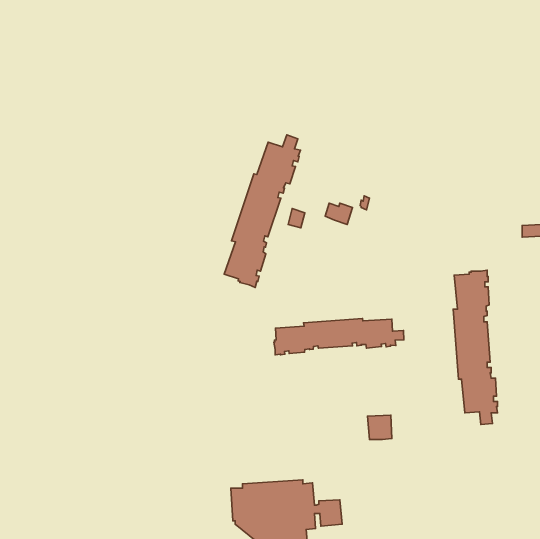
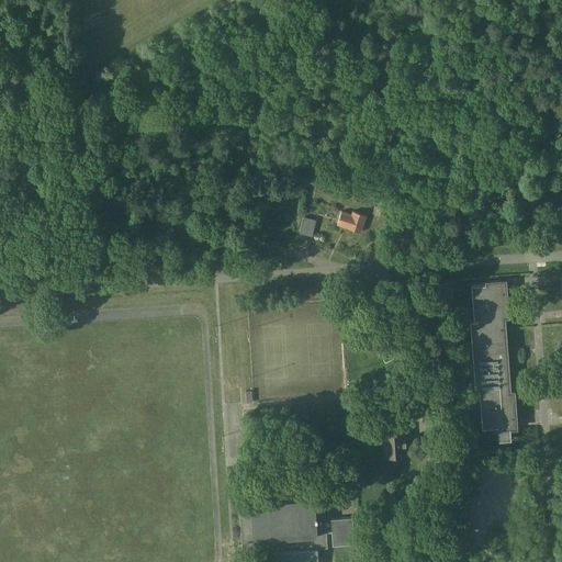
building: [224,135,301,287] -> none
building: [274,318,404,355] -> none

